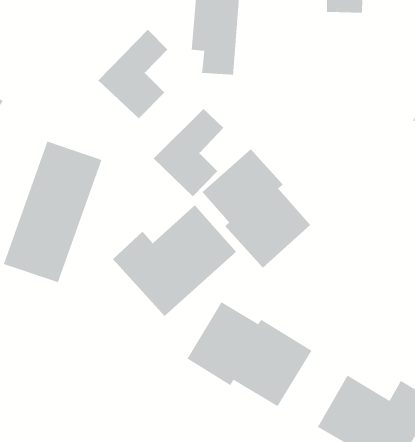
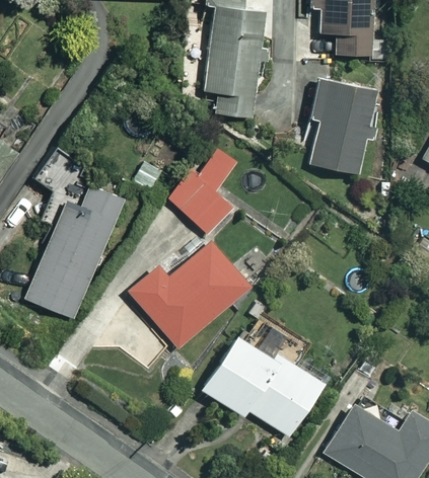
building: [97,29,168,119] -> none
building: none -> [311,81,373,174]
building: [201,148,311,268] -> none

